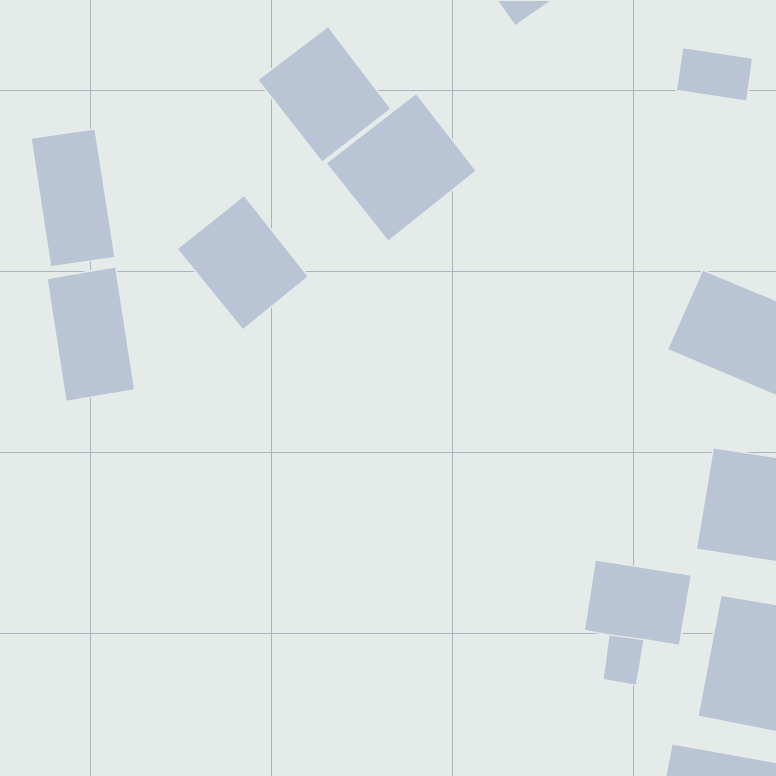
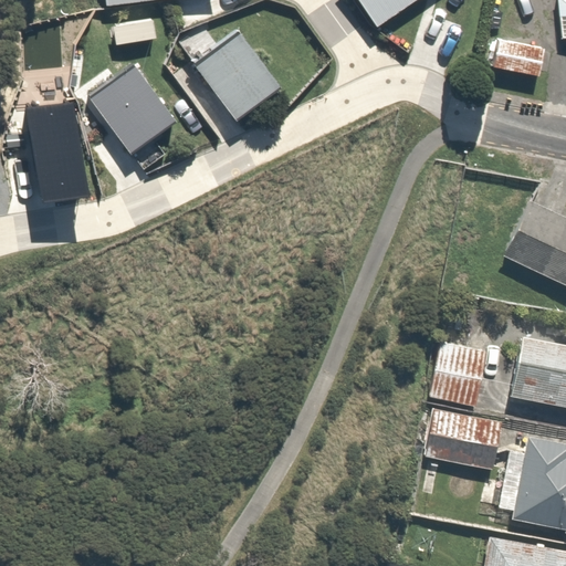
building: [326,93,477,241] -> none
building: [177,195,309,330] -> [87,60,182,157]
building: [47,267,135,401] -> none
building: none -> [431,336,489,406]

